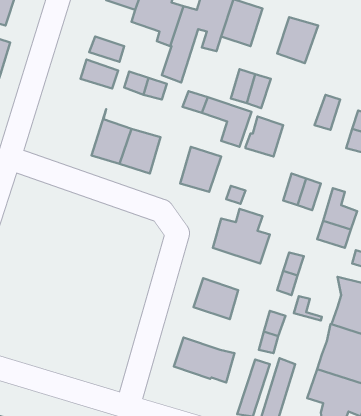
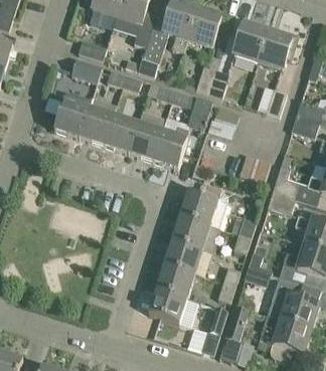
building: none -> [257,29,297,68]
building: none -> [53,90,92,137]
building: none -> [128,113,165,160]
building: none -> [172,213,221,251]
building: none -> [156,262,194,298]

